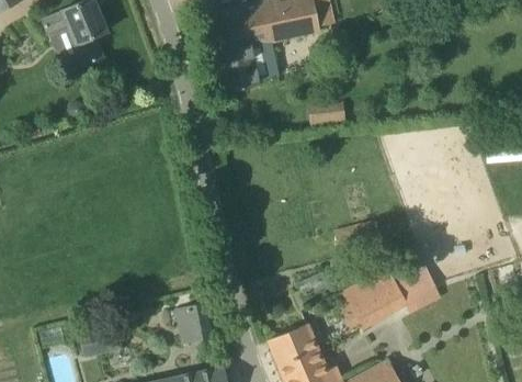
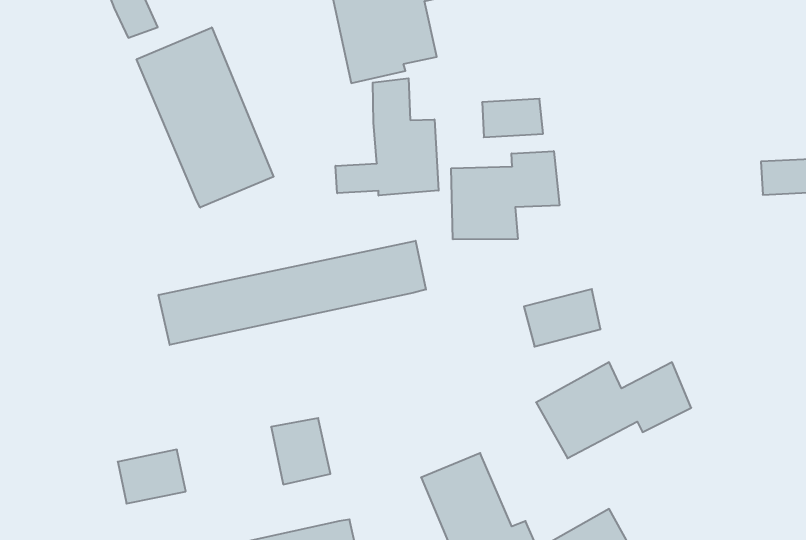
building: none -> [137,27,274,208]
building: none -> [336,78,439,196]
building: none -> [451,151,559,239]
building: none -> [159,241,426,345]

